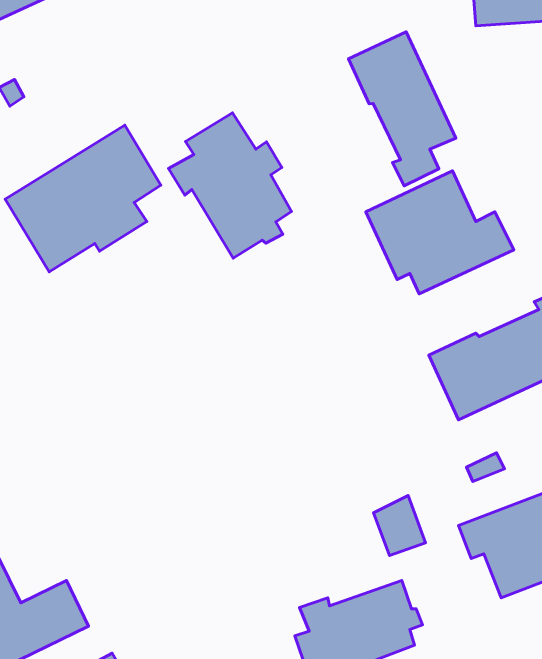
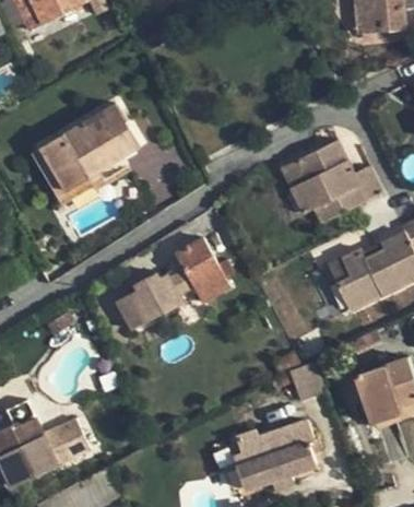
building: [348,32,456,186] -> none
building: [168,113,292,258] -> none
building: none -> [119,239,229,330]

